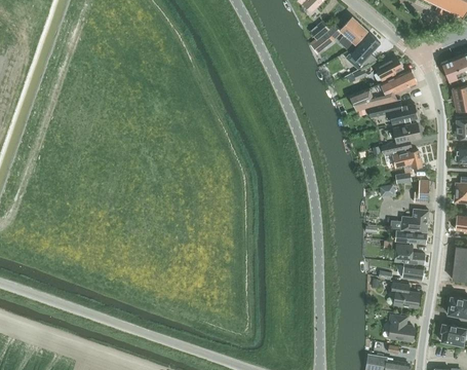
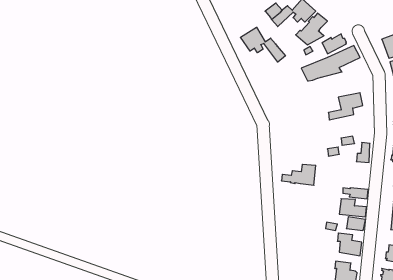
building: none -> [240,27,285,62]
building: [368,99,419,124] -> none
building: [393,150,423,170] -> none
building: [390,209,429,232] -> [281,164,316,185]

